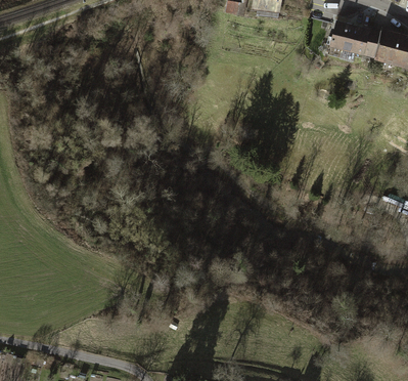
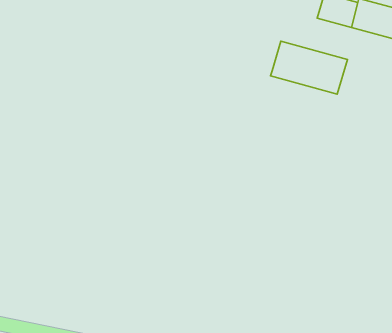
building: none -> [271,41,347,94]

